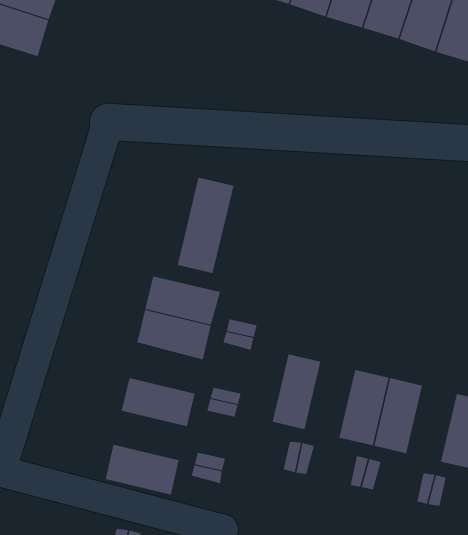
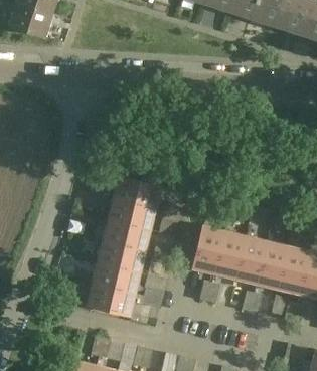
building: [177,177,234,274] -> none
building: none -> [102,218,149,250]
building: none -> [213,230,245,279]
building: none -> [278,245,309,294]
building: none -> [92,261,139,293]

